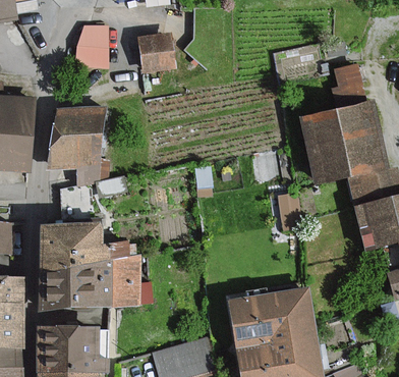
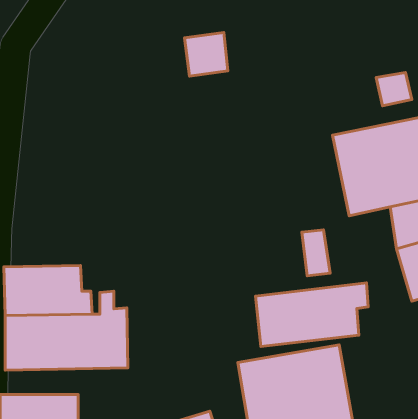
building: [74,25,108,66] -> none
building: [139,36,174,70] -> [184,33,228,76]
building: [49,109,109,179] -> none
building: none -> [256,283,368,347]

